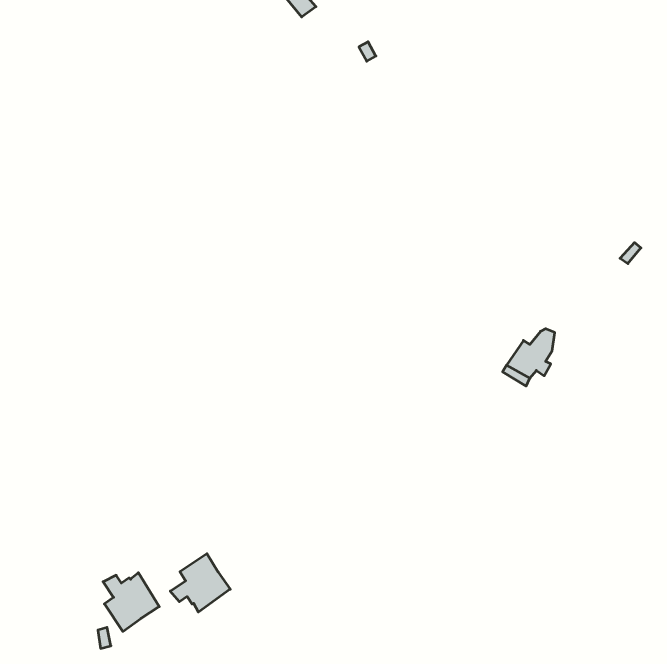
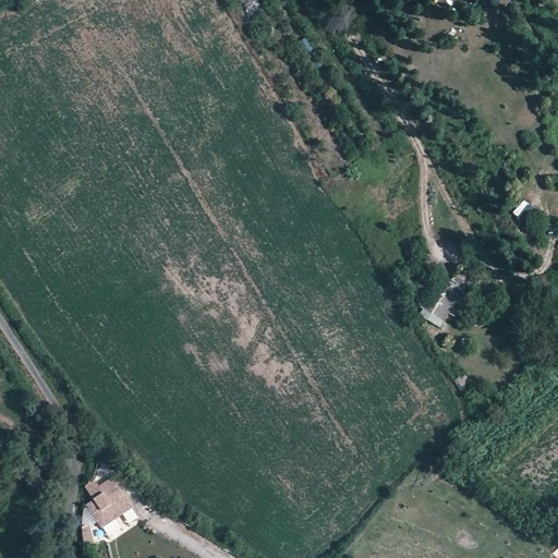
building: [170,554,230,612] -> none

